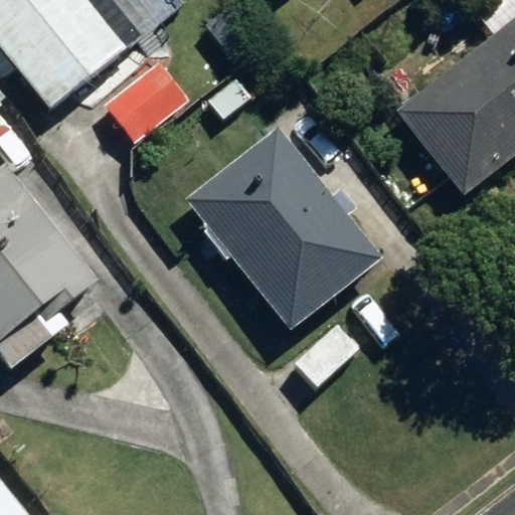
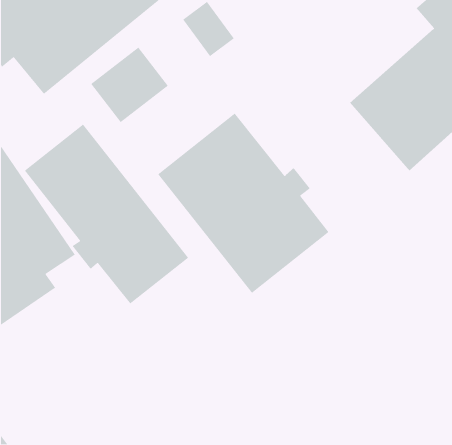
building: none -> [24,124,189,304]

